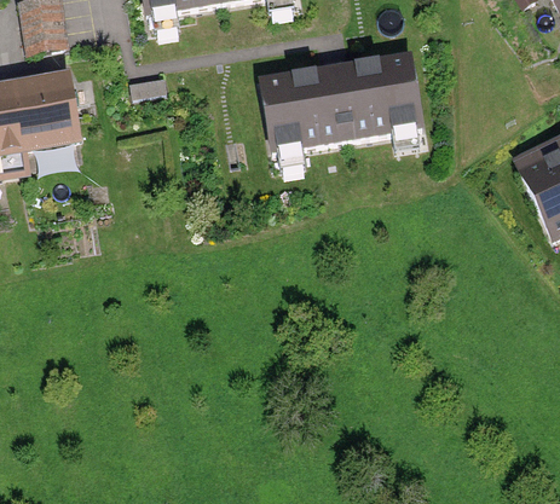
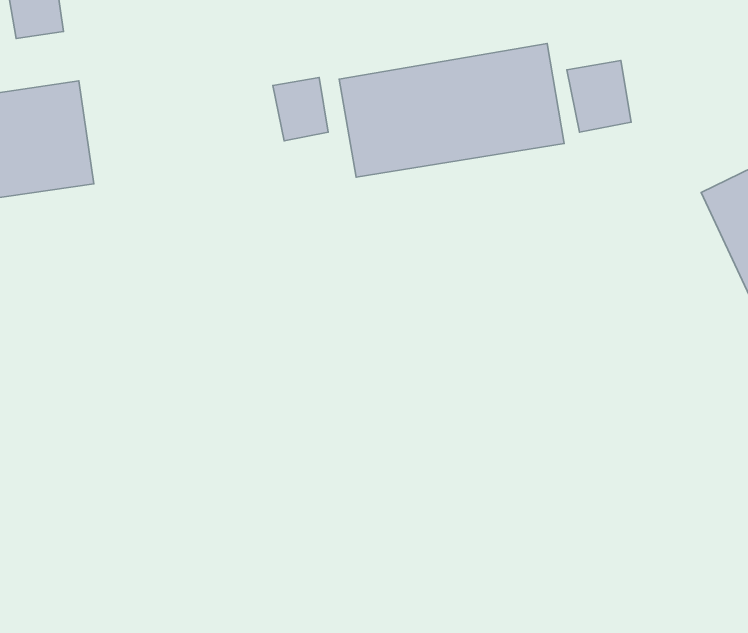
building: none -> [567,60,631,132]
building: none -> [273,78,328,141]

